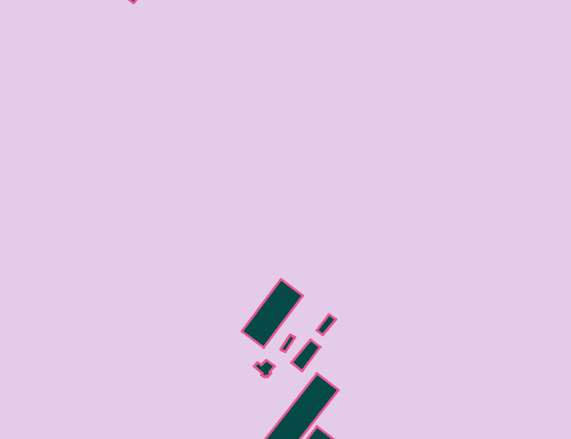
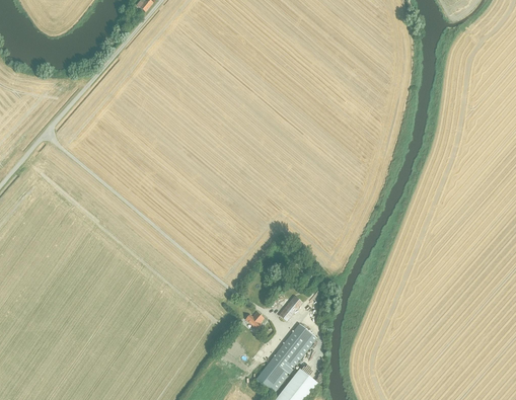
building: [242,279,303,348] -> none

